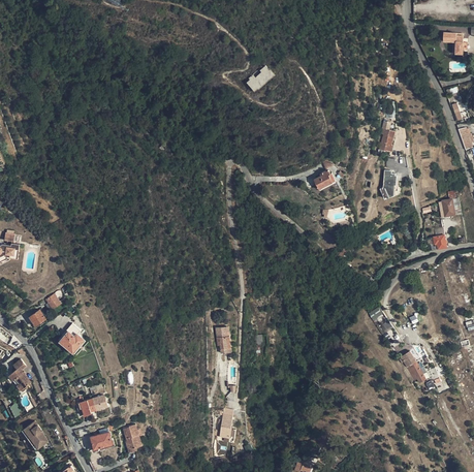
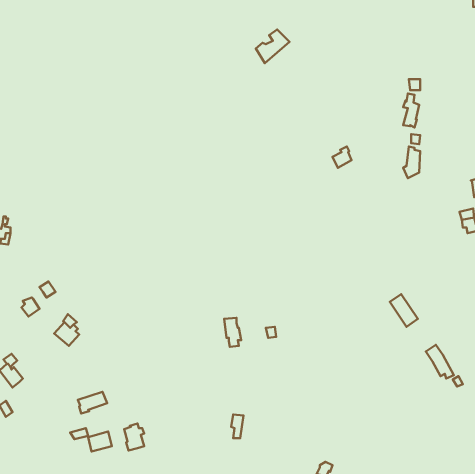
building: [21,421,48,450] -> none

